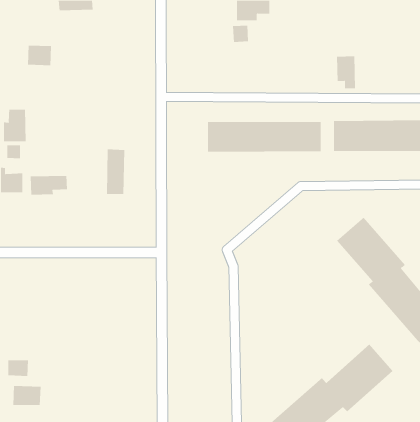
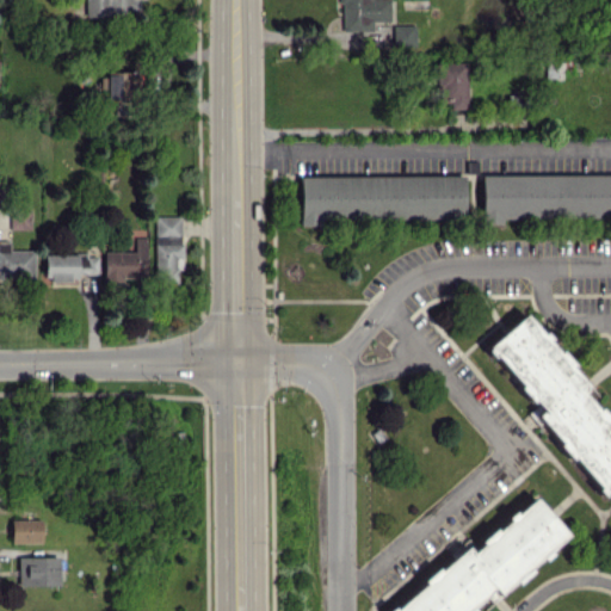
building: [232,25,249,42] -> [397,25,421,50]
building: [27,45,52,66] -> [107,73,143,103]
building: [336,56,356,89] -> [443,62,471,110]
building: [3,109,26,142] -> none
building: none -> [107,237,150,280]

